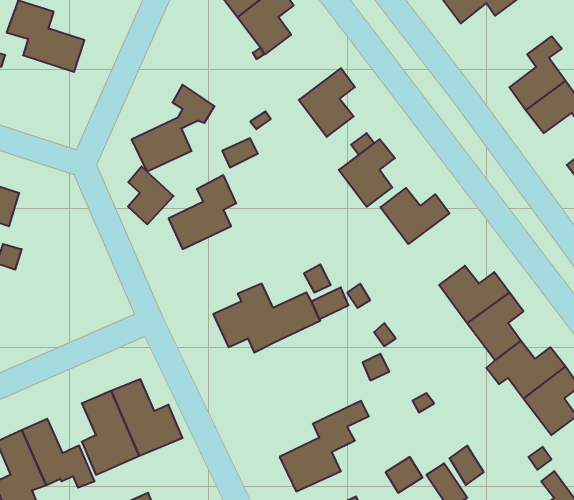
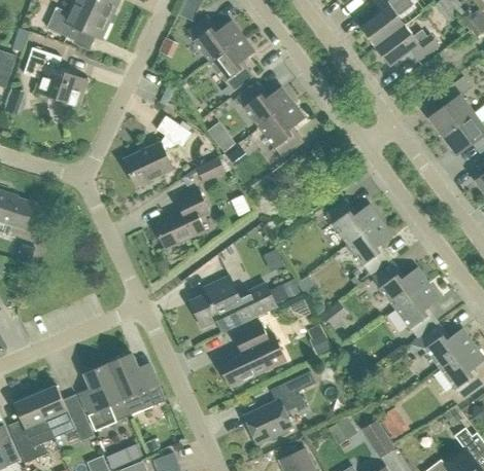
building: none -> [238,81,293,128]
building: [339,139,395,207] -> [348,219,393,274]
building: [128,166,174,224] -> none
building: none -> [218,322,286,386]

